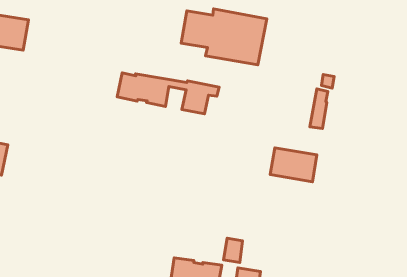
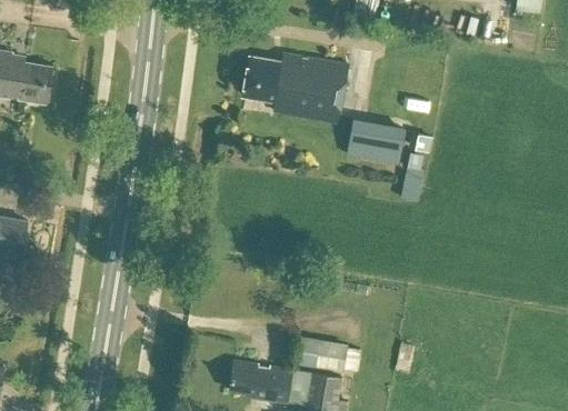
building: [117,73,219,114] -> none
building: [270,148,317,182] -> [347,120,405,162]
building: none -> [316,339,346,369]

